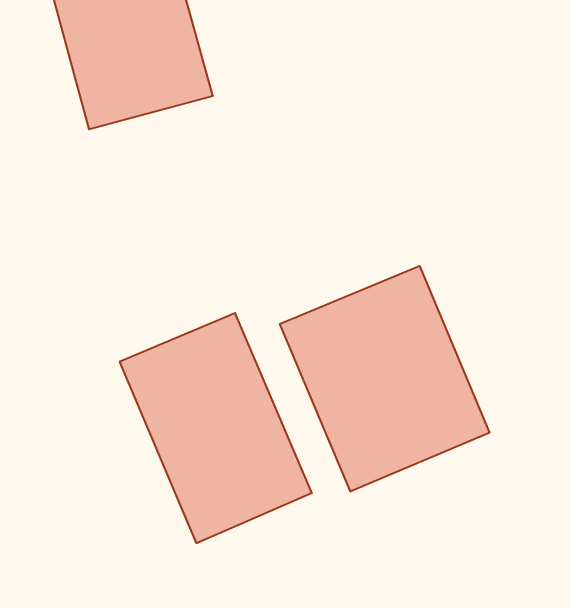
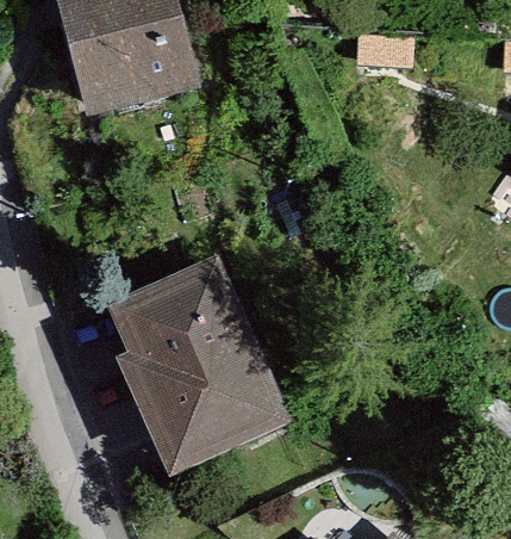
building: [280,266,489,492] -> none

